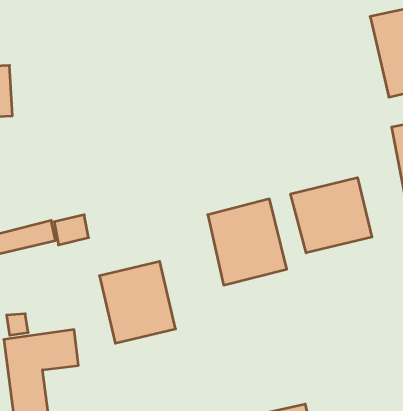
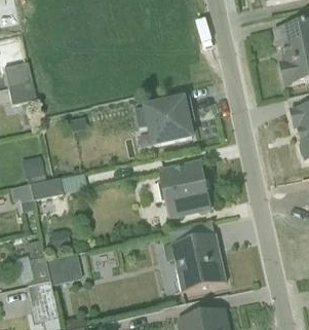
building: none -> [142,94,196,148]
building: [291,178,372,253] -> none
building: [99,261,176,343] -> [173,232,228,291]

